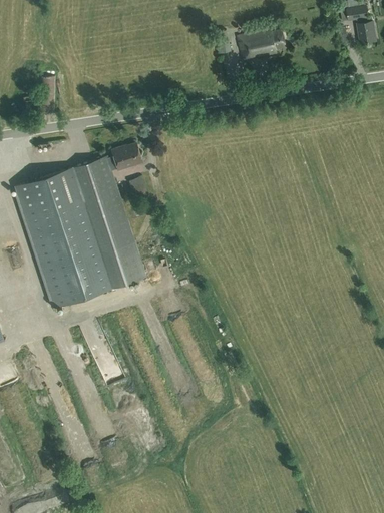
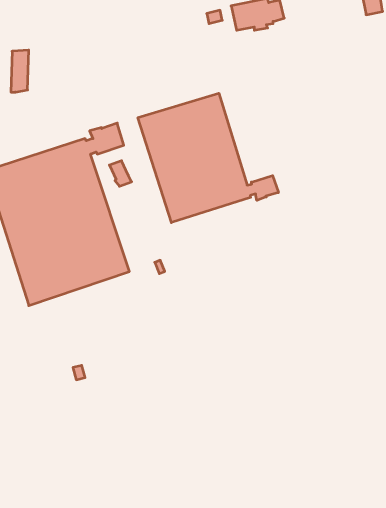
building: none -> [138,93,278,223]

